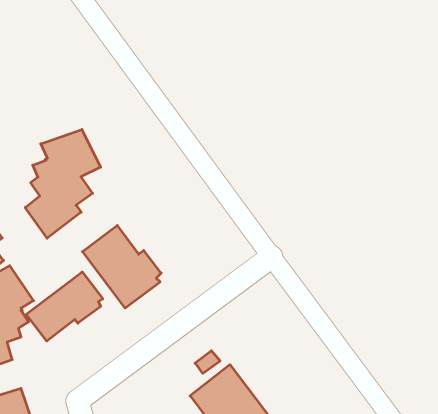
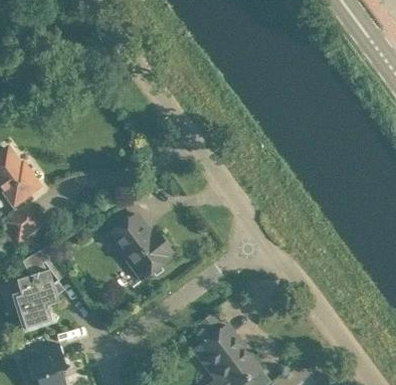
building: [25,129,101,238] -> none
building: [26,272,103,341] -> none

